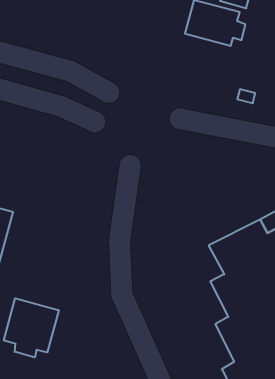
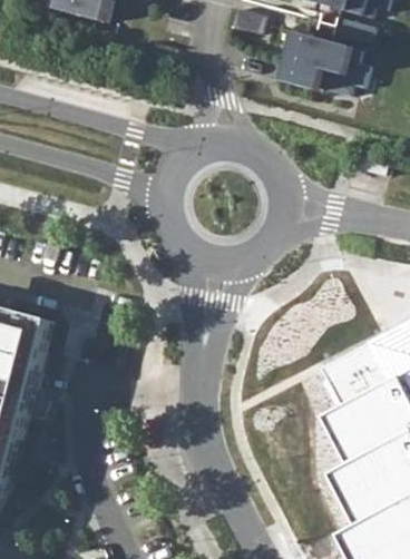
building: [4,298,59,357] -> none

